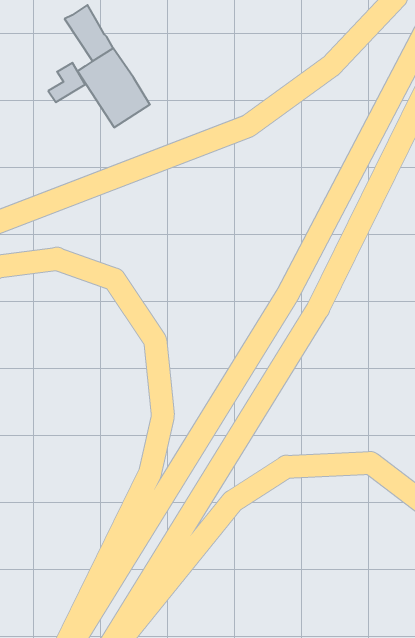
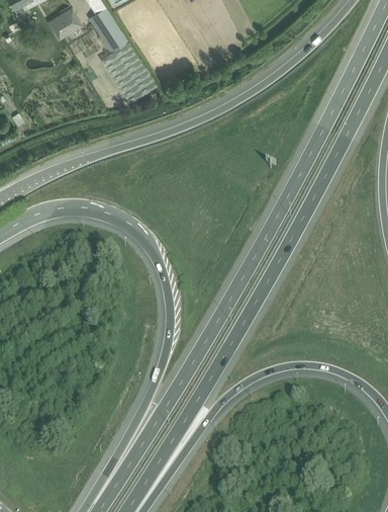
building: [48,63,85,102] -> [51,8,80,39]

